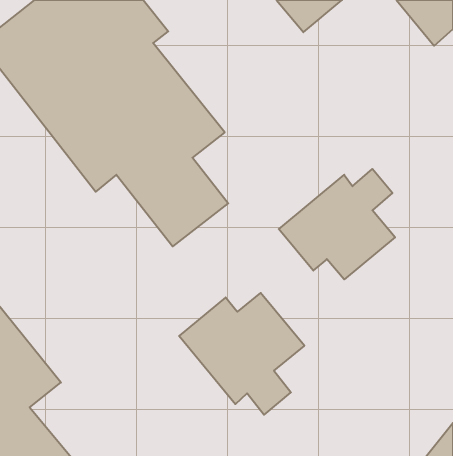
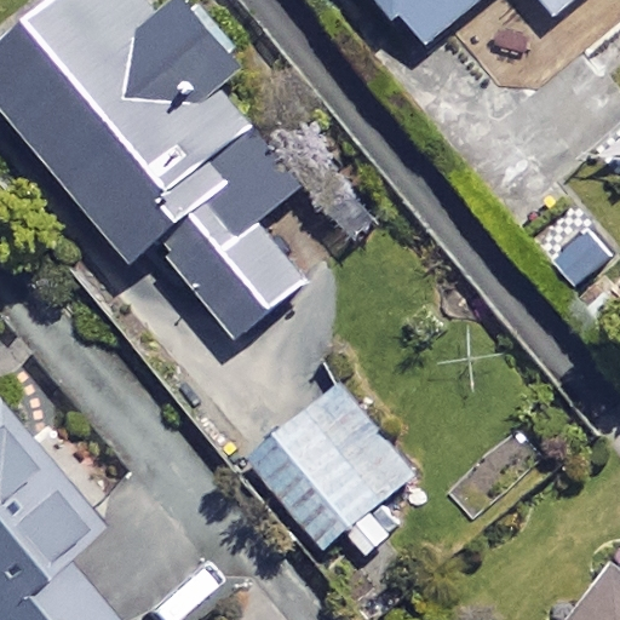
building: [279,169,395,279] -> none

